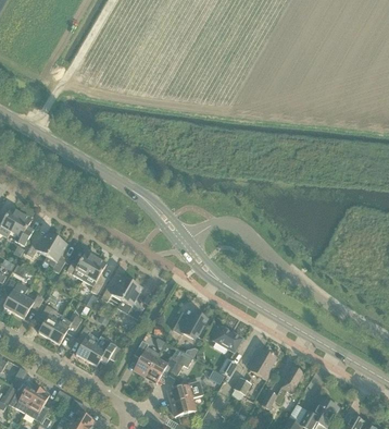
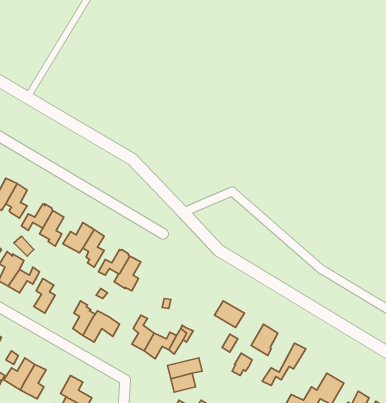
building: [173,310,208,340] -> none
building: [49,315,81,344] -> none

